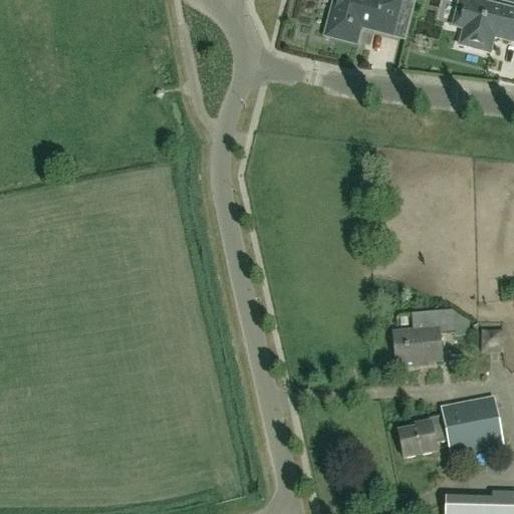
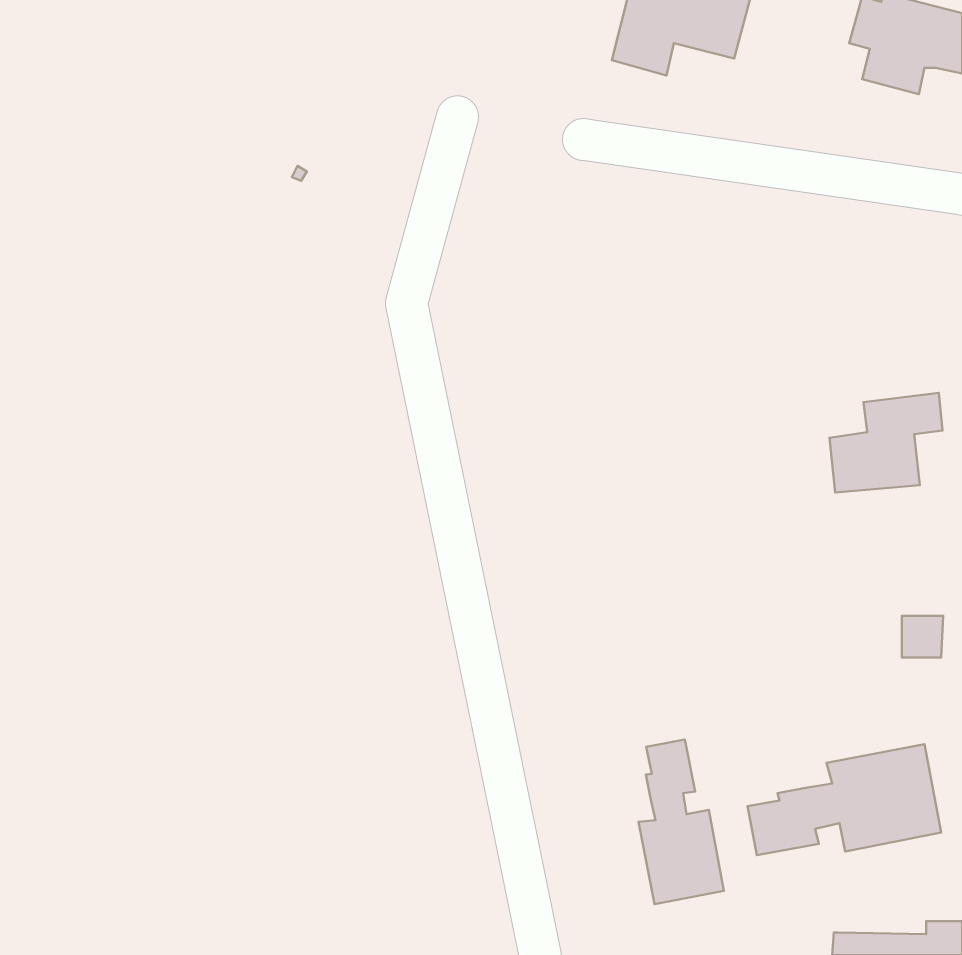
building: [394,309,454,362] -> [830,393,942,493]
building: none -> [639,740,724,904]

